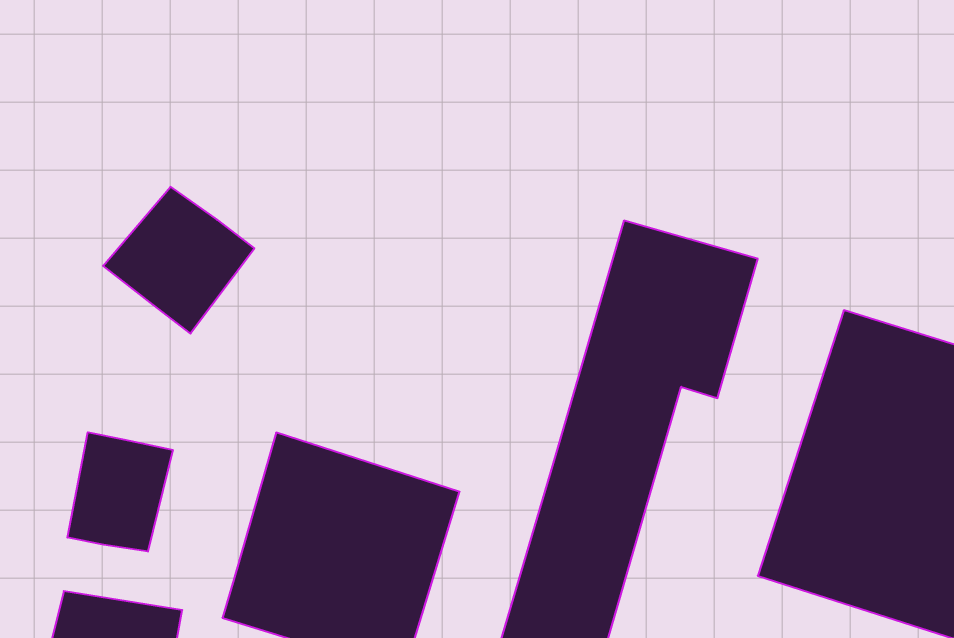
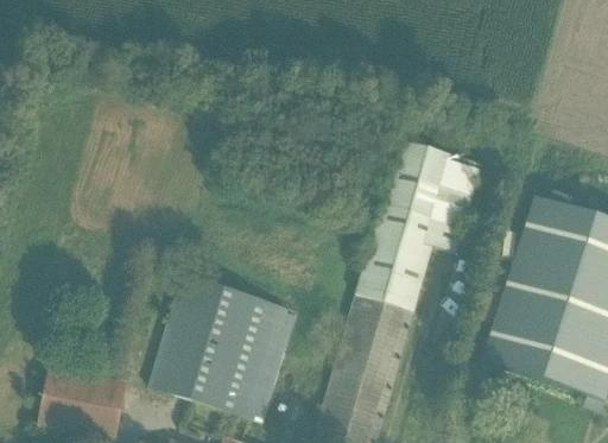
building: [103,187,254,334] -> none
building: [67,432,173,552] -> none

